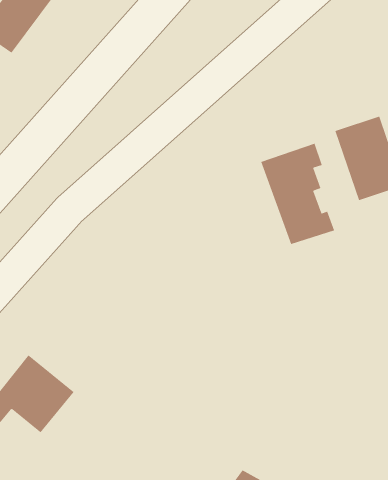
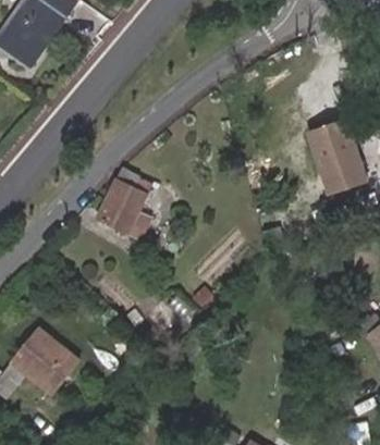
building: [261,143,335,245] -> none
building: none -> [96,172,151,242]

